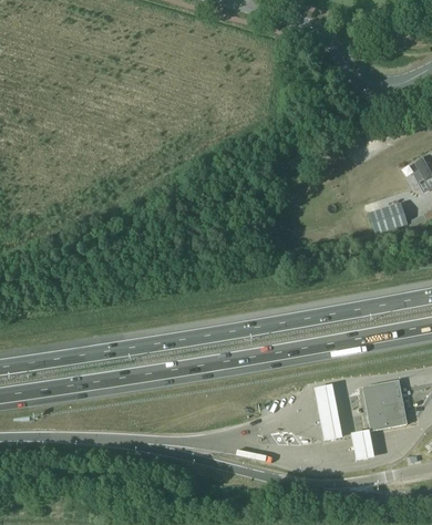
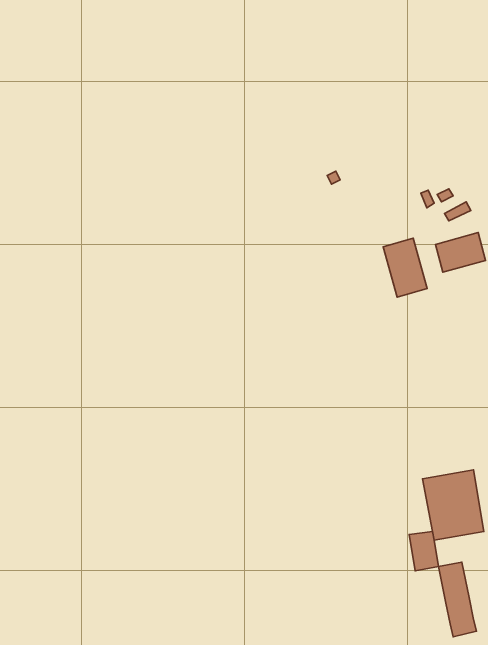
building: none -> [383,238,427,297]
building: [313,382,342,439] -> [438,562,477,637]

